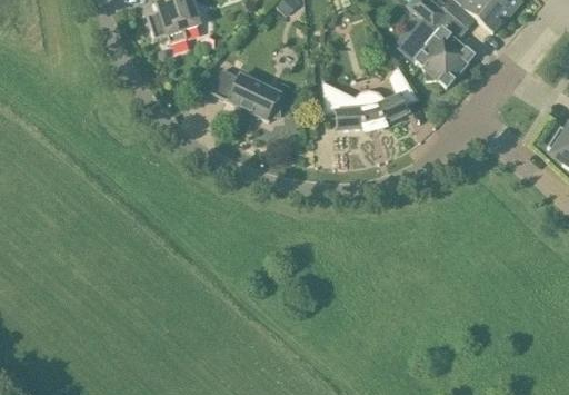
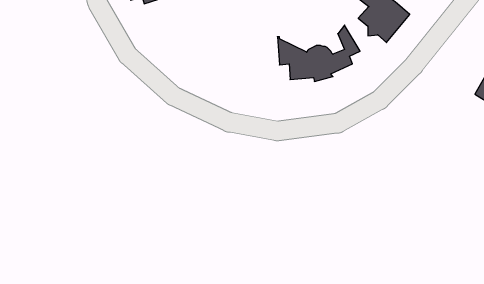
building: [212,69,281,120] -> none

